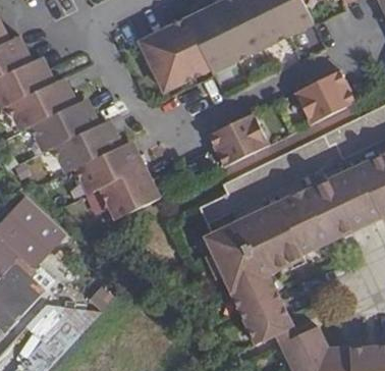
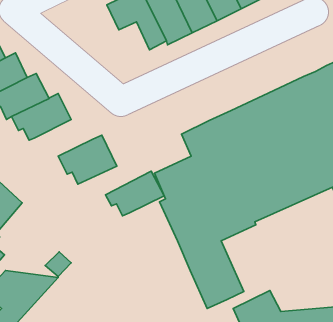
building: [139,33,195,89] -> none
building: [296,71,355,124] -> none
building: [209,112,269,167] -> none
building: [76,145,136,191] -> [106,171,164,216]

